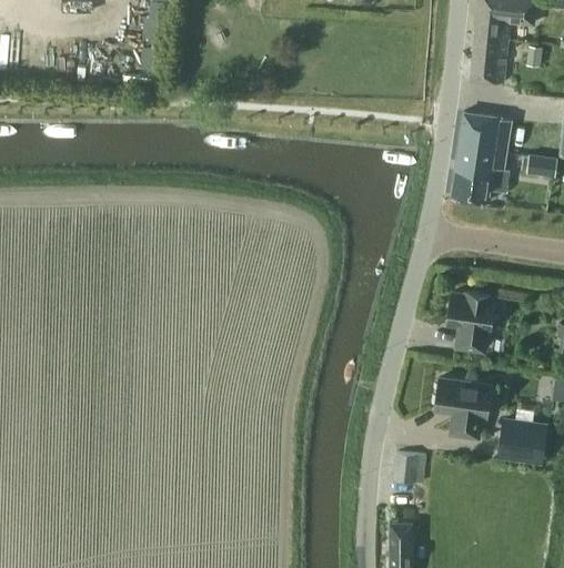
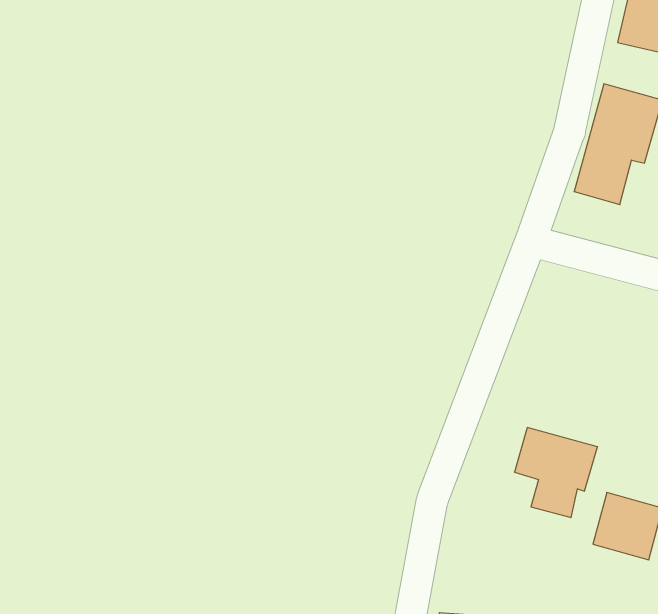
building: [450,292,496,351] -> none
building: [393,454,425,485] -> none

